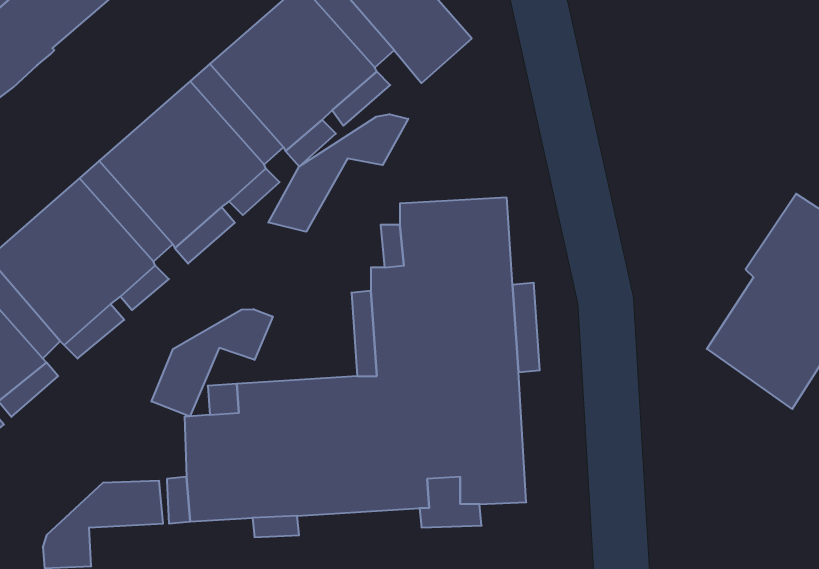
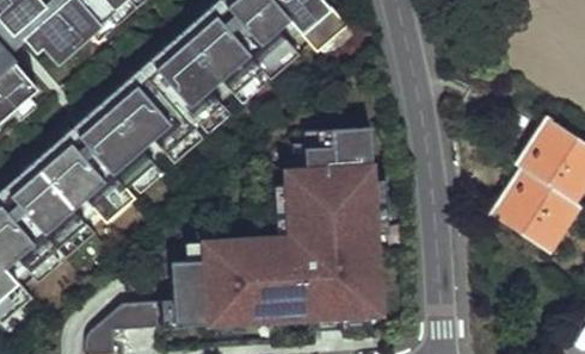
building: [268,114,408,232] -> none
building: [151,309,273,416] -> none

